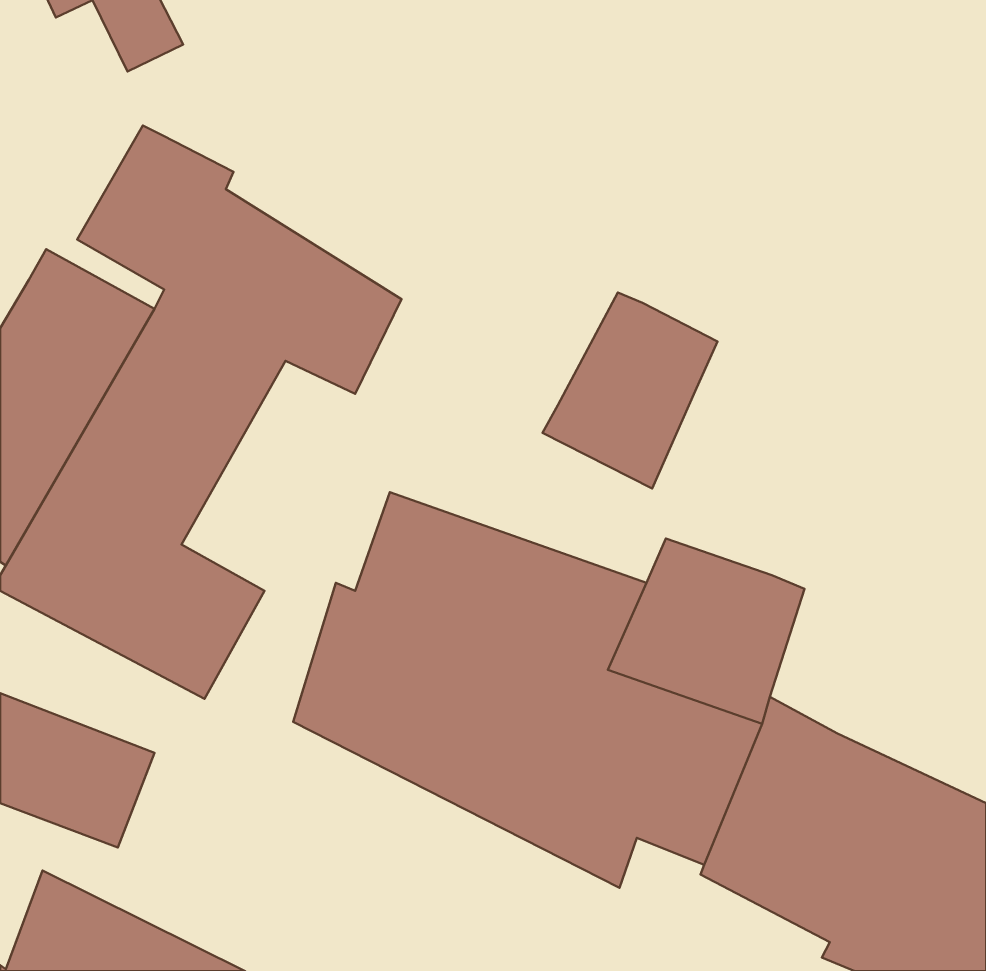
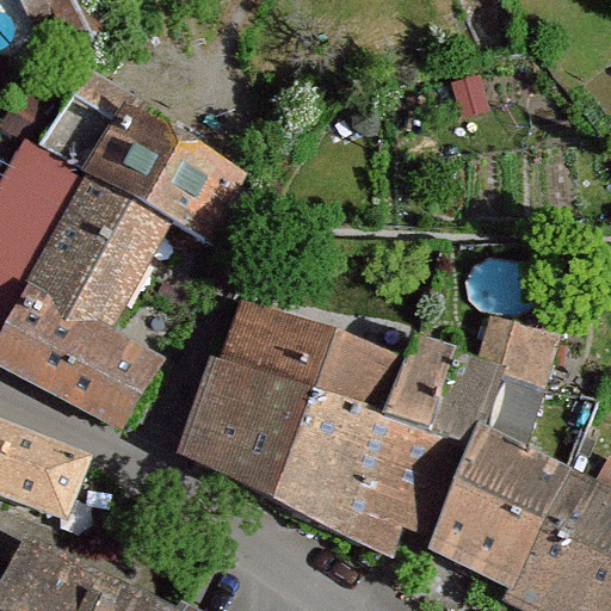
building: [543,293,718,489] -> none
building: none -> [476,310,554,453]

